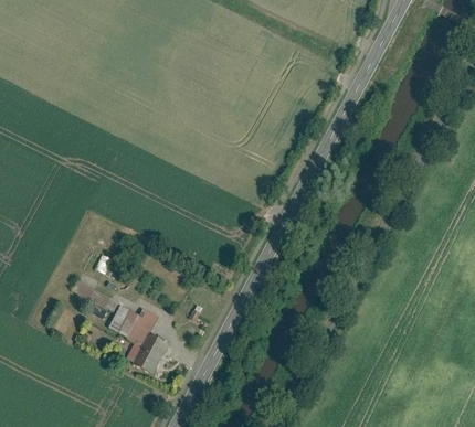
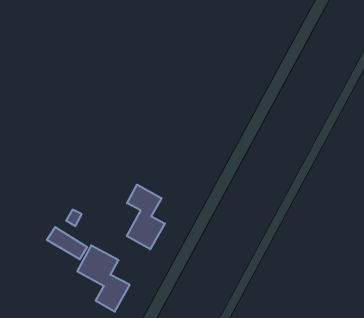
building: none -> [127,185,165,249]

